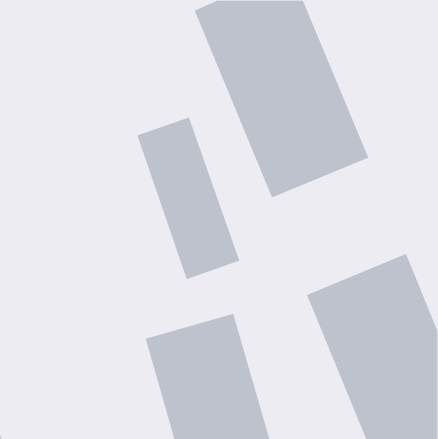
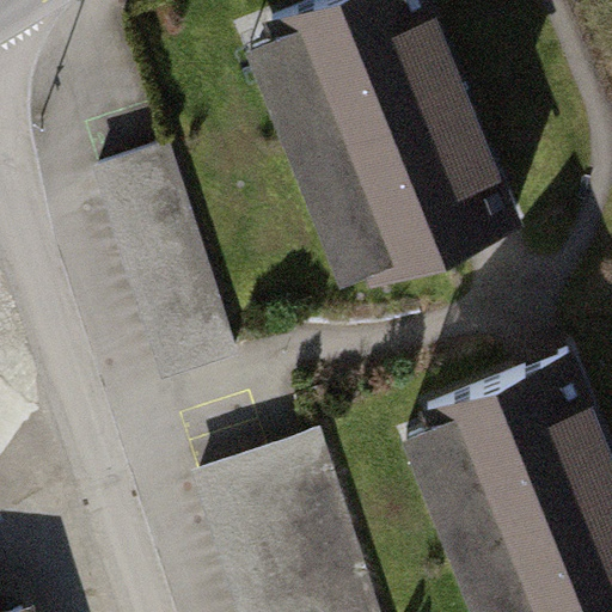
building: [136,117,240,280] -> [87,148,230,372]

